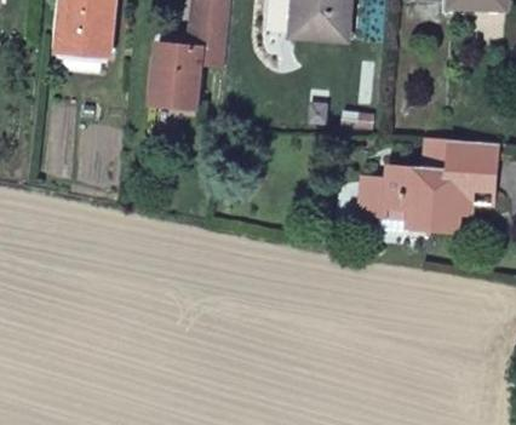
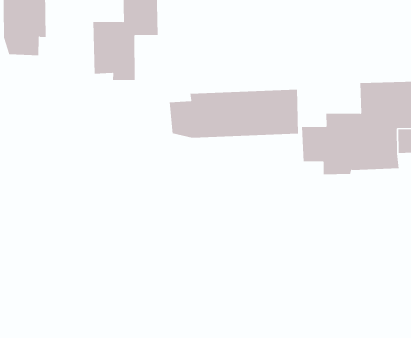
building: none -> [169,89,298,139]

